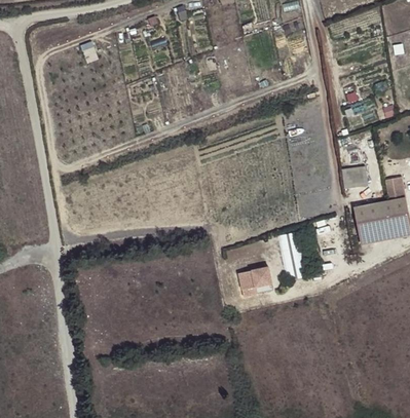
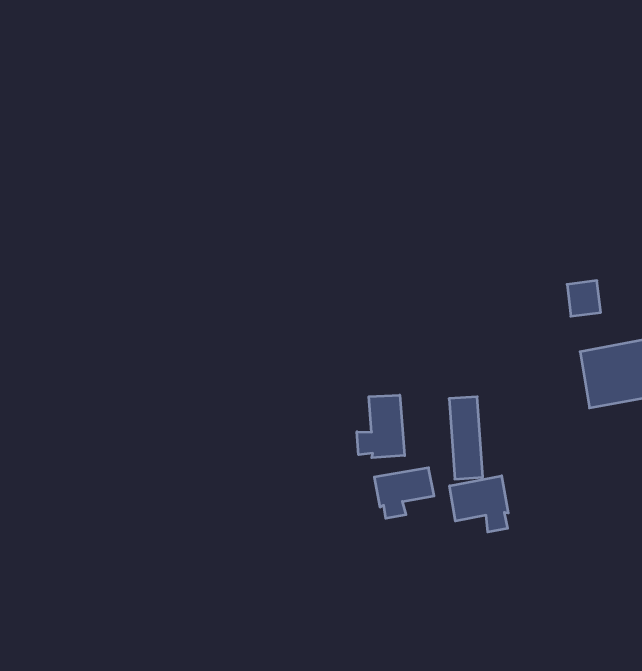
building: none -> [357,395,405,458]
building: none -> [450,476,508,532]

